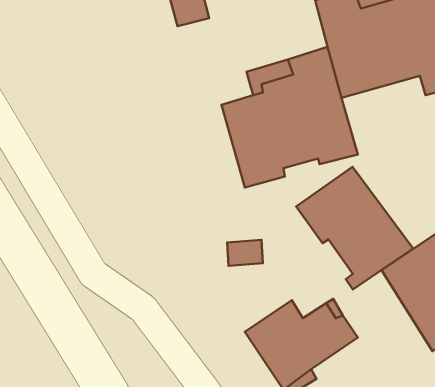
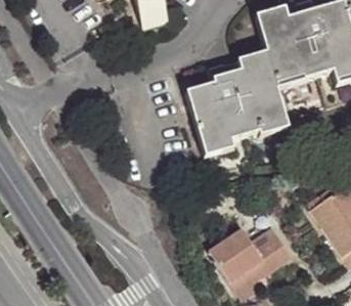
building: [296,167,413,290] -> none

